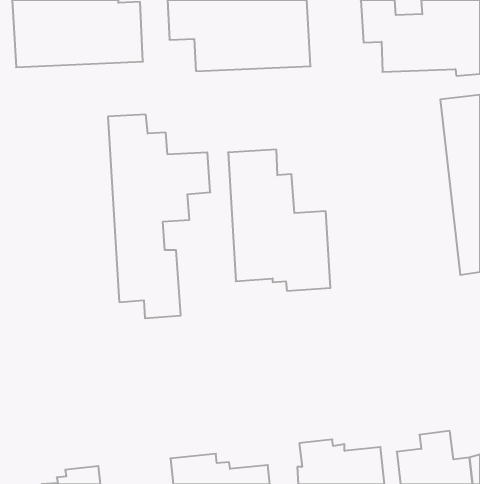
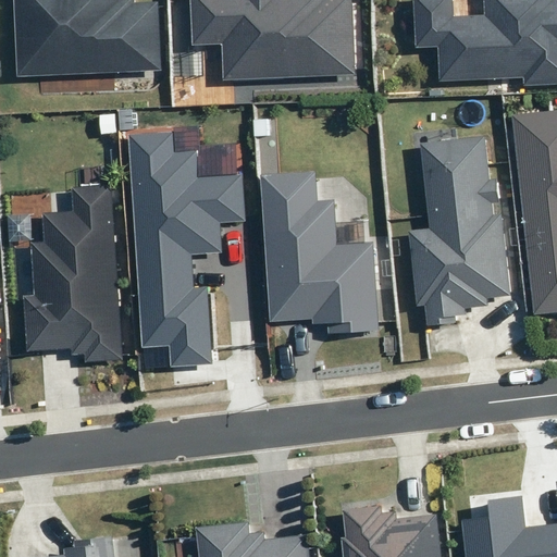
building: none -> [411,137,511,325]
building: none -> [25,185,124,362]

